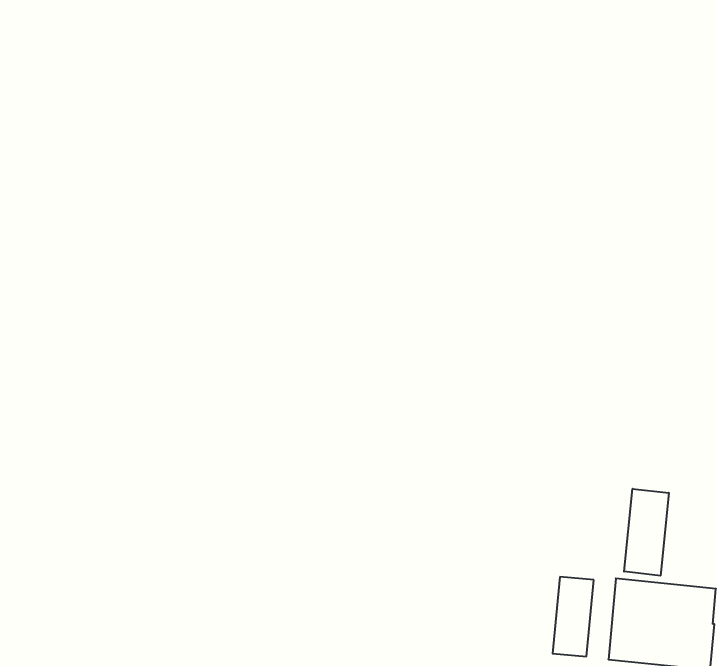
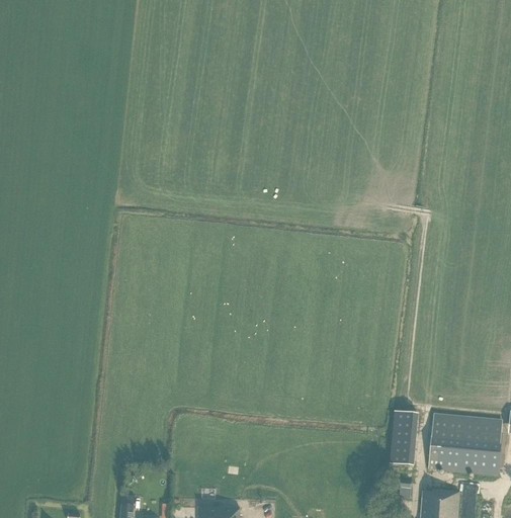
building: [624,489,669,576] -> none

